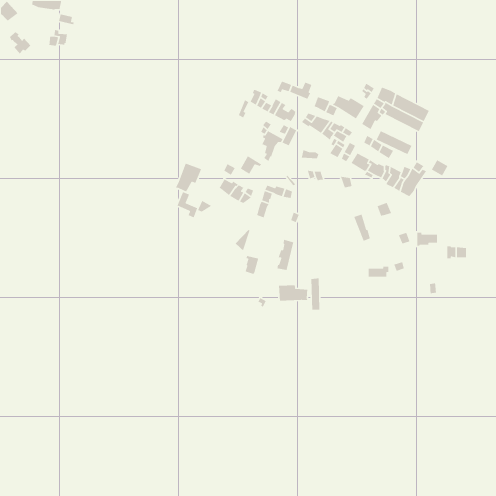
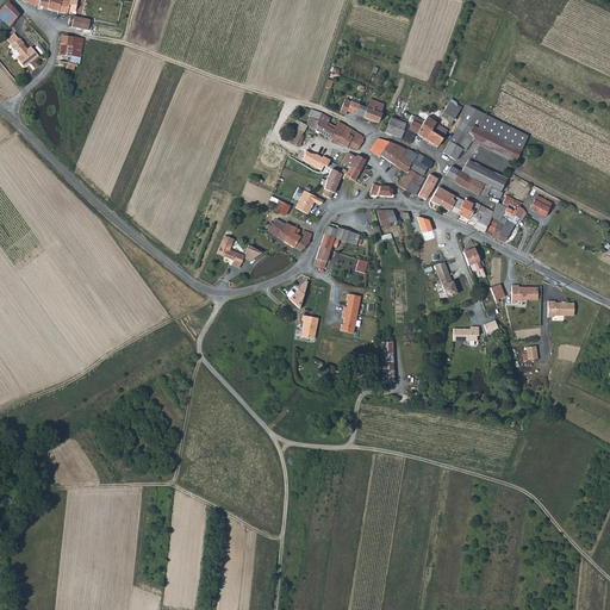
building: [175,162,202,193] -> none
building: [278,285,308,302] -> none

